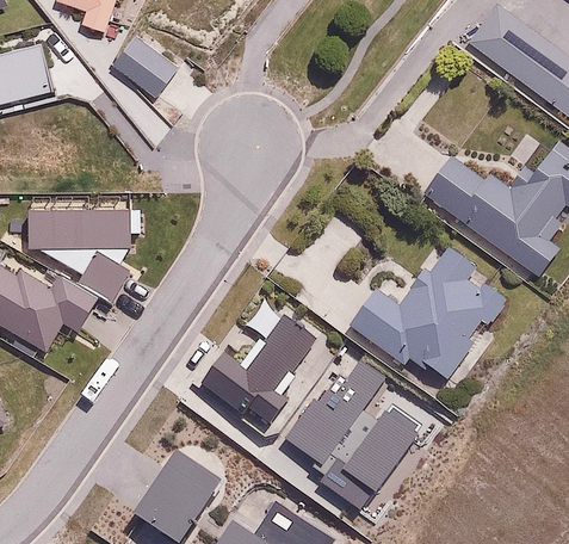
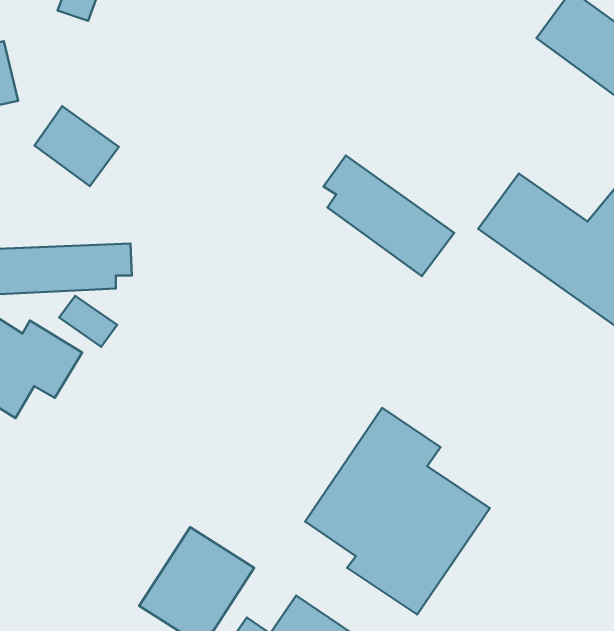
building: [101,35,171,100] -> [35,106,119,186]
building: none -> [324,155,454,276]
building: [344,246,509,390] -> none
building: [187,302,316,441] -> none

